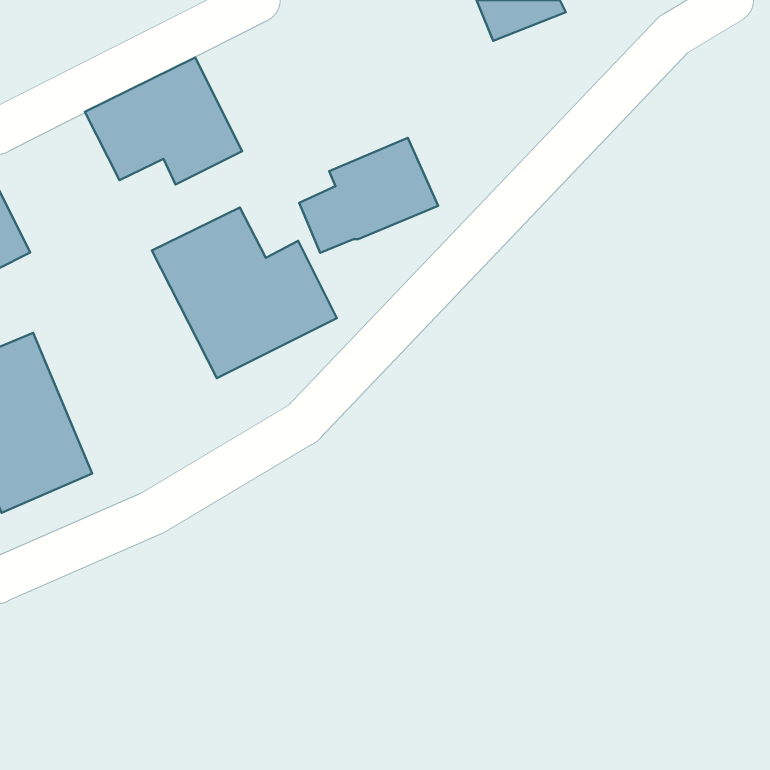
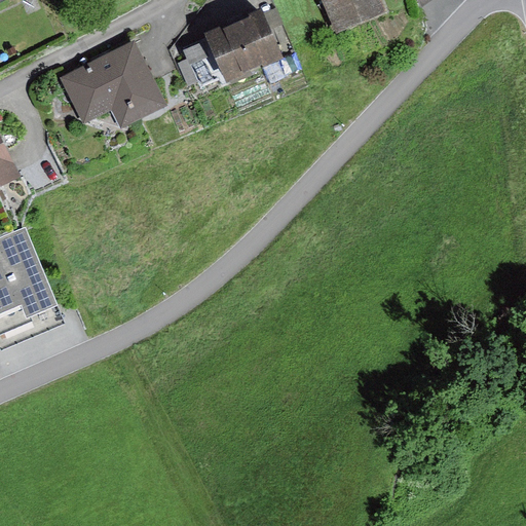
building: [299,138,438,253] -> [187,7,281,85]
building: [152,207,337,378] -> none

